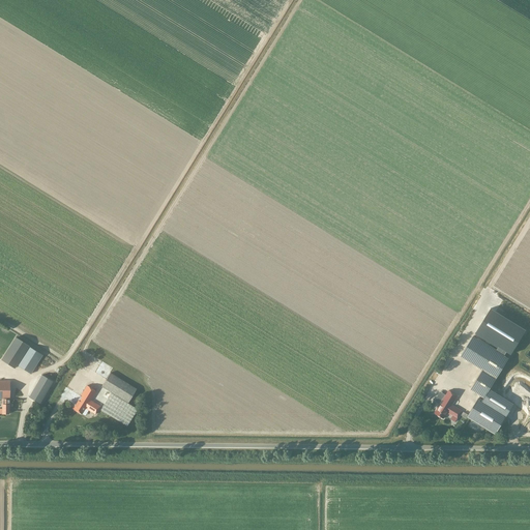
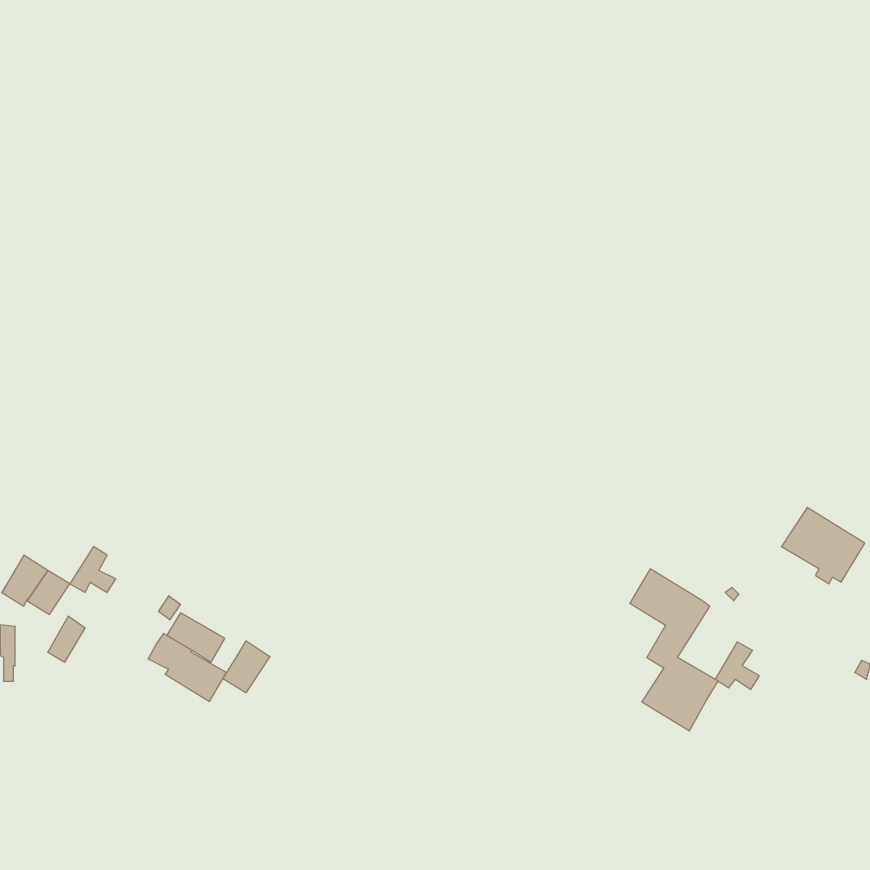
building: [460,335,513,434] -> [630,569,718,731]
building: [72,386,100,414] -> [70,547,116,592]
building: none -> [223,641,270,693]

